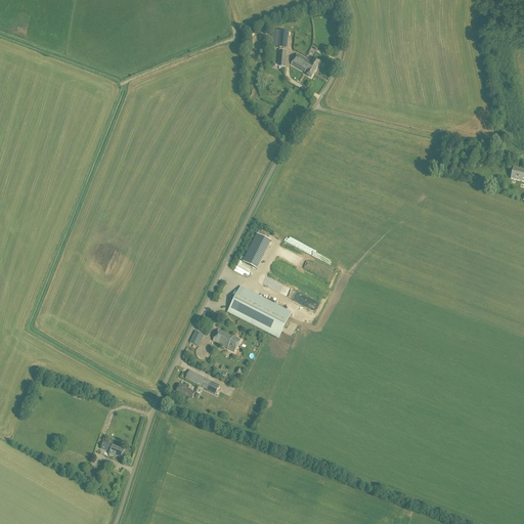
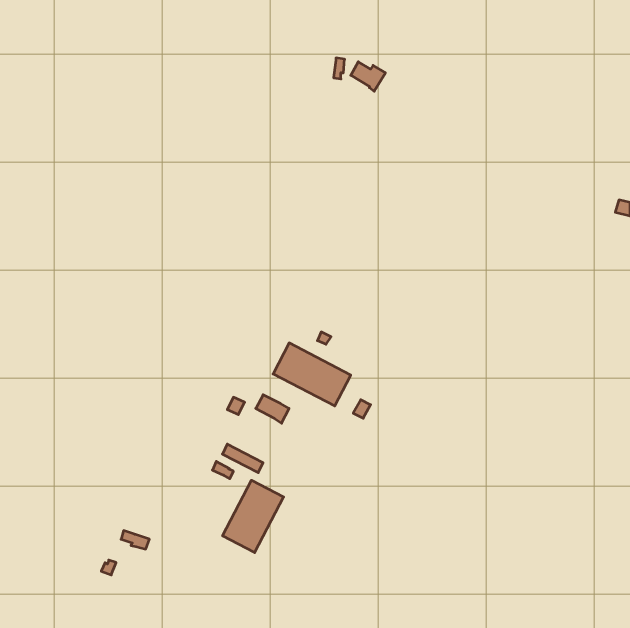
building: [243,229,270,265] -> none
building: none -> [223,480,284,553]

